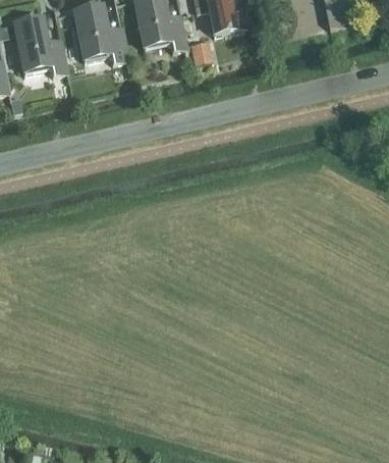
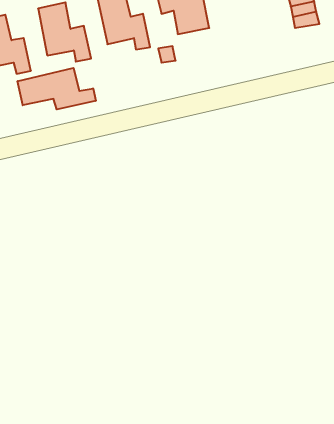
building: none -> [18,68,96,109]

